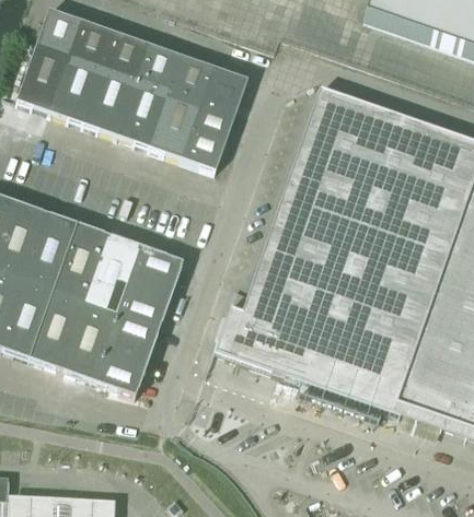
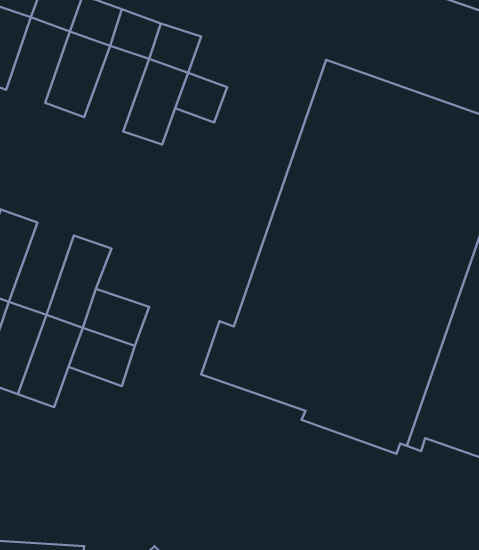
building: [50,50,104,122] -> none
building: [204,67,247,109] -> none
building: [116,74,171,146] -> none
building: [182,127,226,169] -> none
building: [53,223,107,301] -> none
building: [126,245,183,294] -> none
building: [91,344,148,395] -> none

